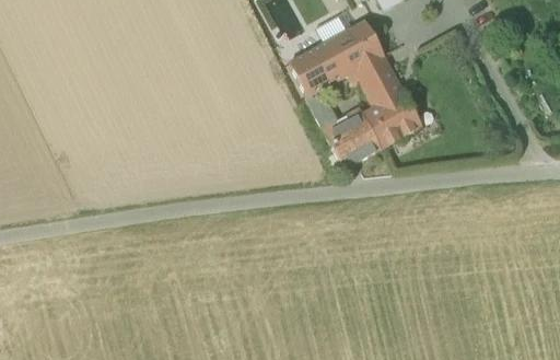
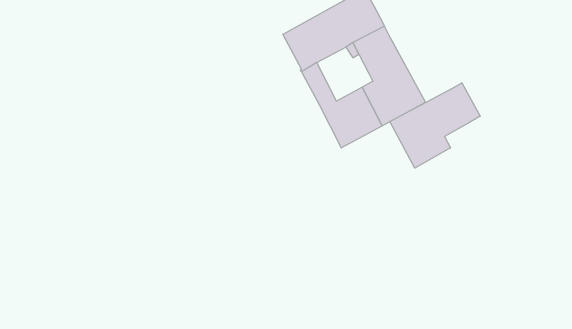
building: none -> [390,83,480,168]

